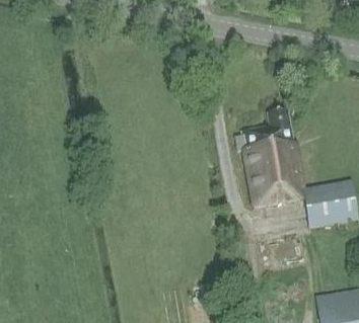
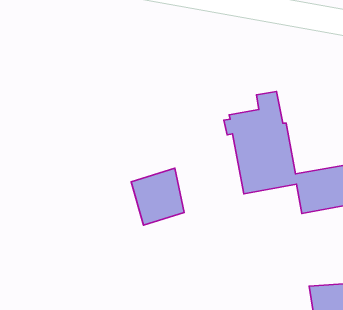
building: none -> [131,168,184,225]

